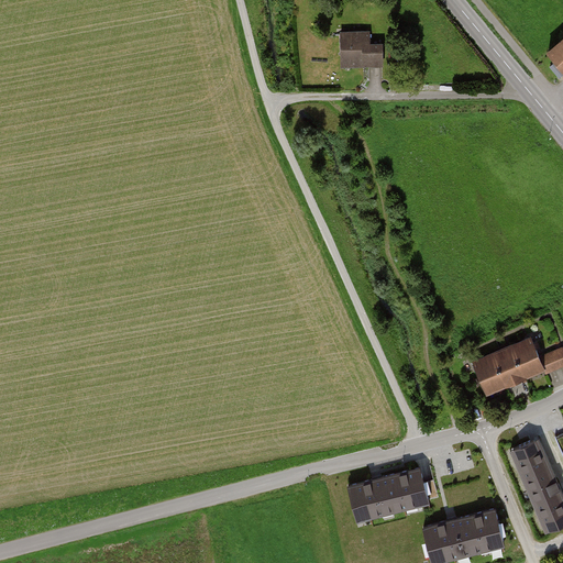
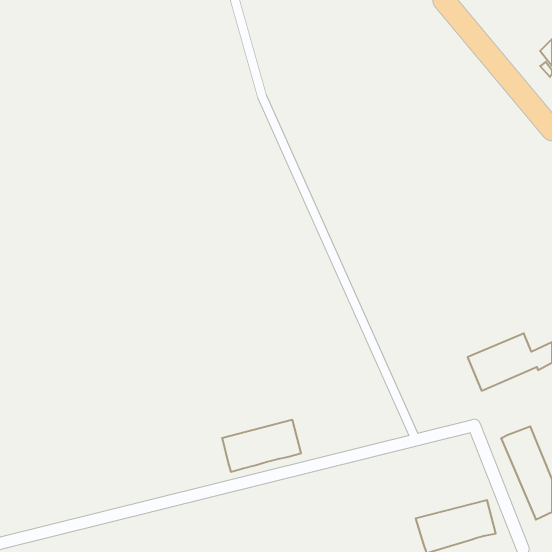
building: [341,33,384,69] -> none
building: [347,467,428,520] -> [222,420,301,472]

